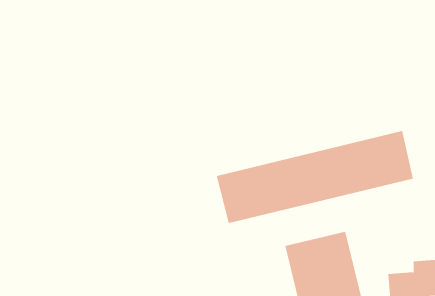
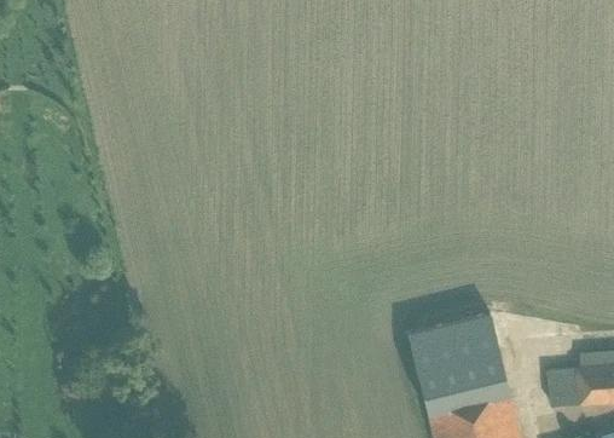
building: [216,130,414,224] -> none

